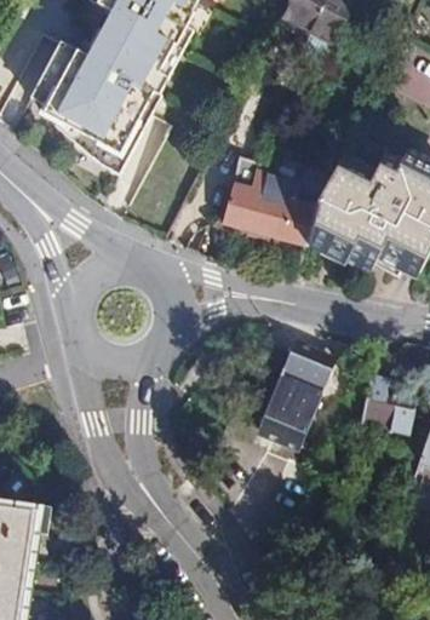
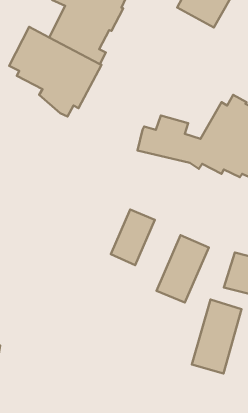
building: none -> [111,209,155,265]
building: none -> [192,300,242,373]

